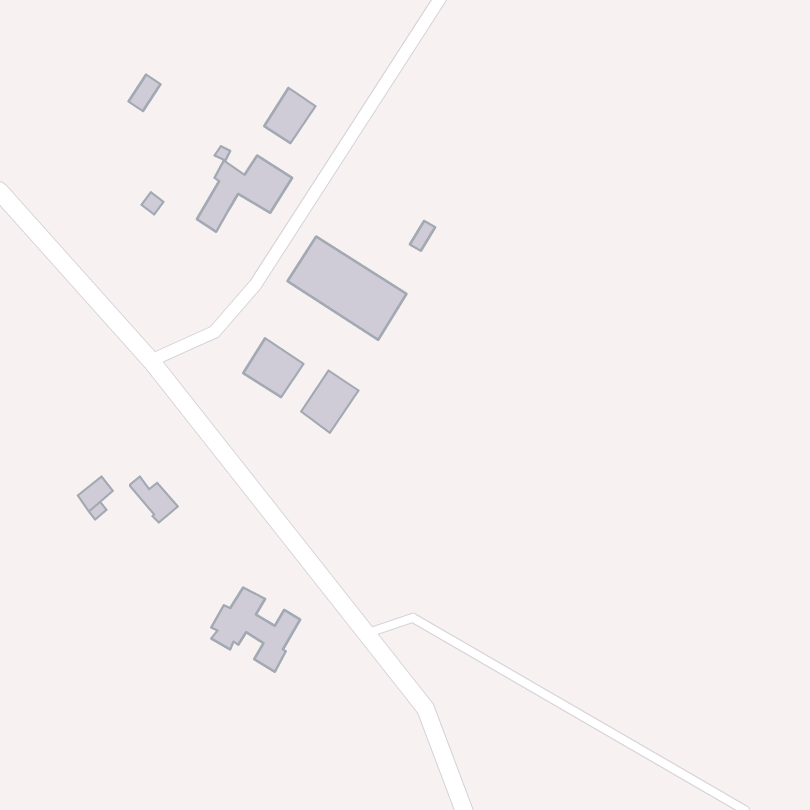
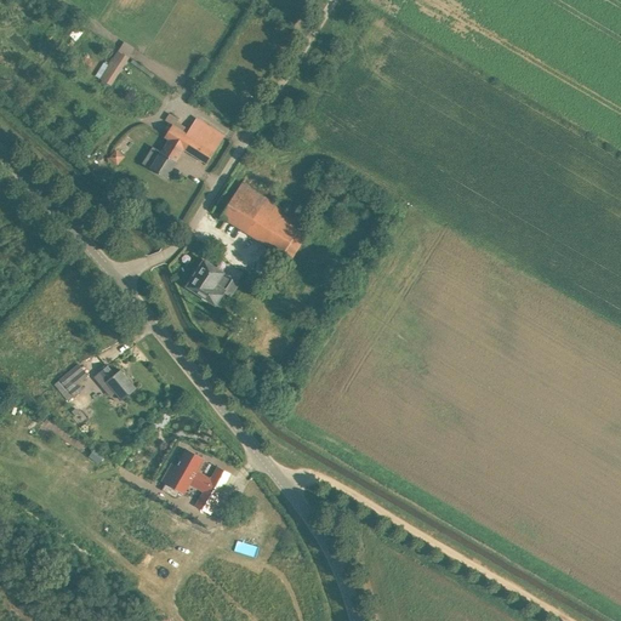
building: [264,88,315,143] -> none
building: [301,370,359,433] -> none

